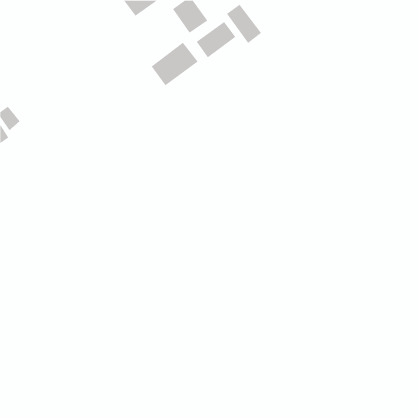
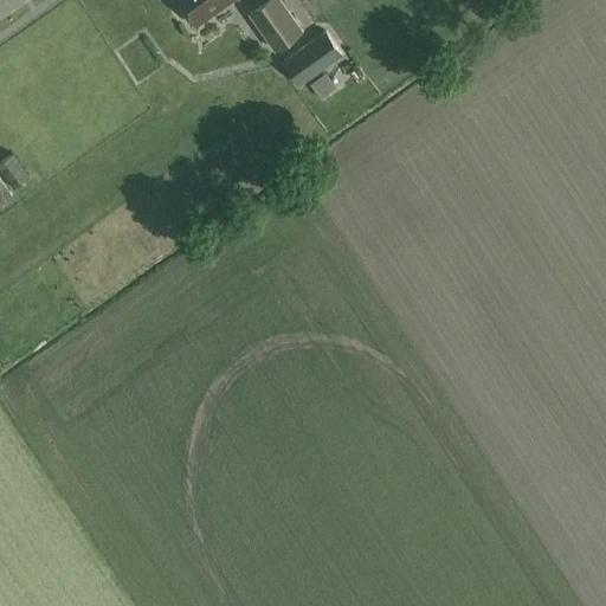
building: [226,4,262,44] -> none
building: [151,42,198,86] -> none

